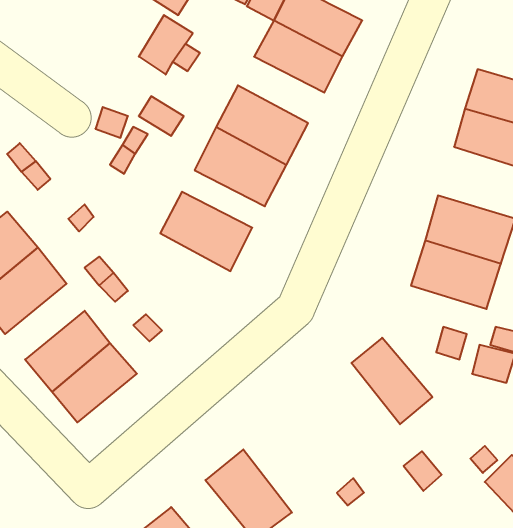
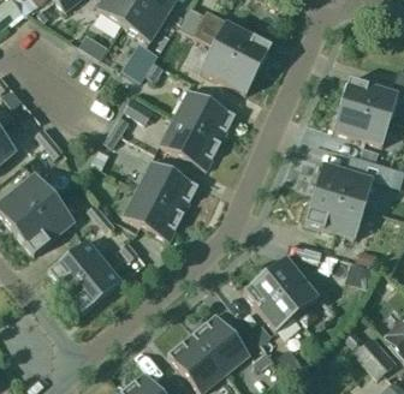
building: none -> [123,187,184,240]
building: none -> [243,274,297,332]
building: none -> [192,312,250,374]

